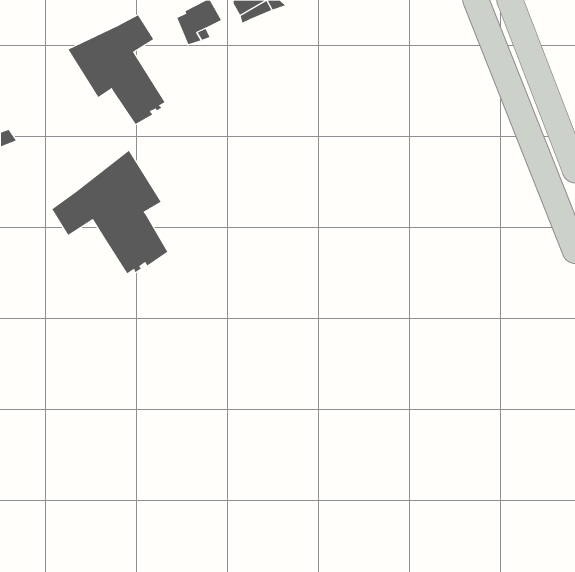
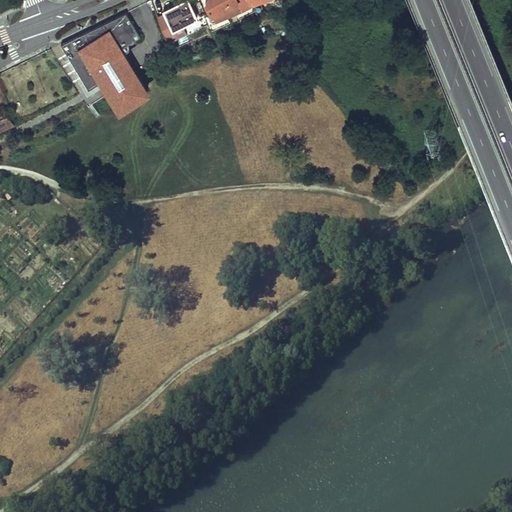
building: [51,150,168,274] -> none

